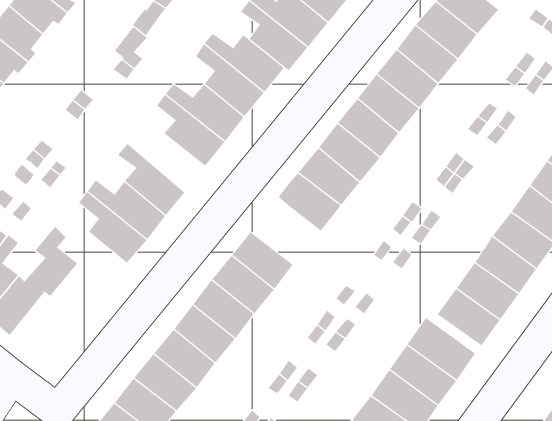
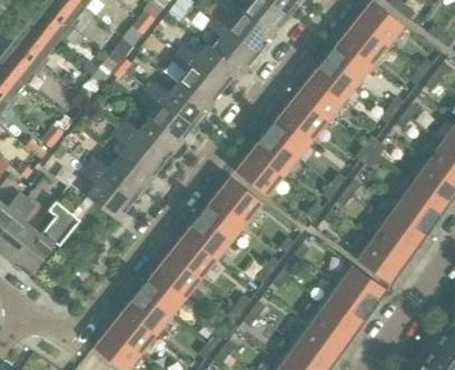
building: none -> [119,119,179,166]
building: none -> [214,176,263,221]

